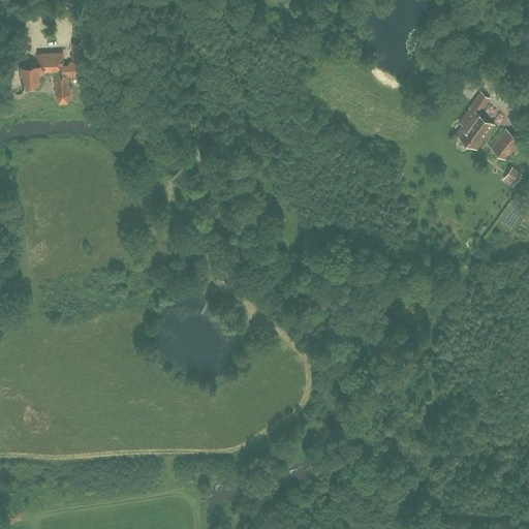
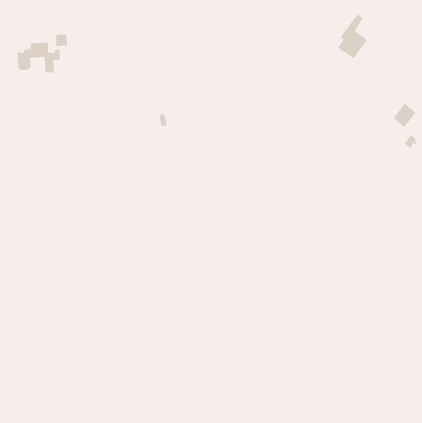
building: [455,92,493,149] -> [337,14,368,59]

